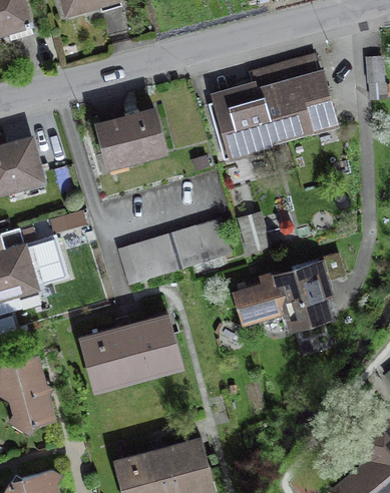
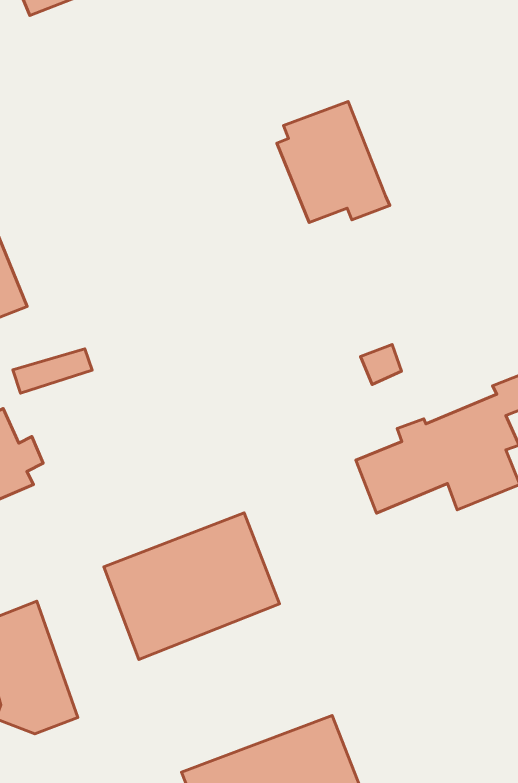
building: [247,57,330,140] -> none
building: [100,105,173,169] -> none
building: [116,221,228,283] -> none

